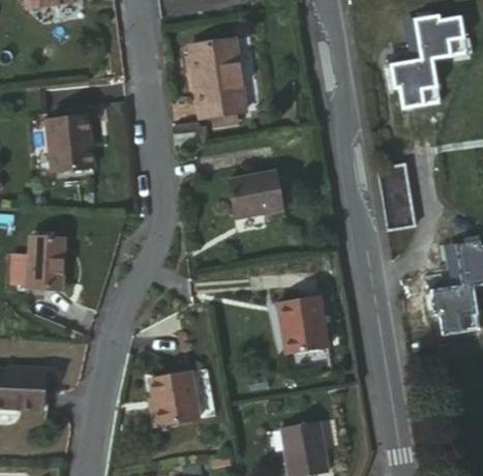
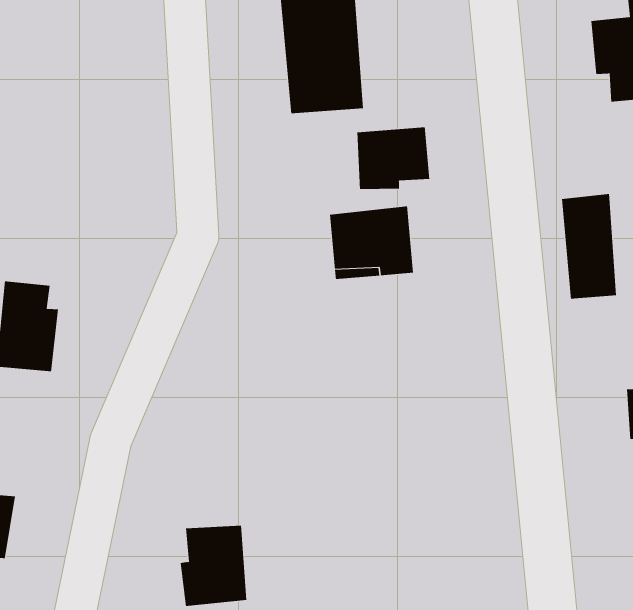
building: [50,115,96,170] -> none
building: none -> [357,127,430,190]
building: [278,302,332,361] -> none

